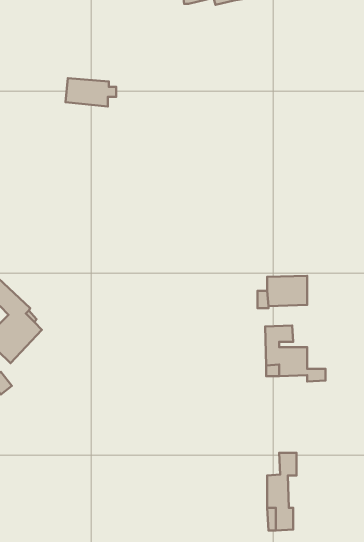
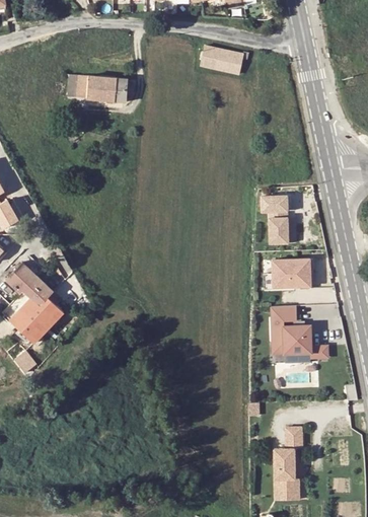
building: none -> [199,45,242,74]
building: none -> [64,74,87,97]
building: none -> [264,198,290,243]

